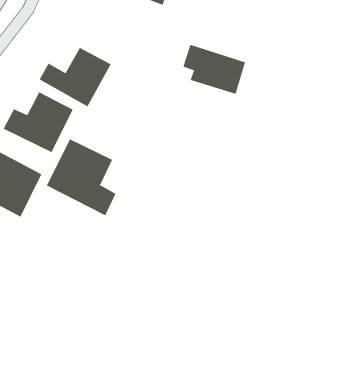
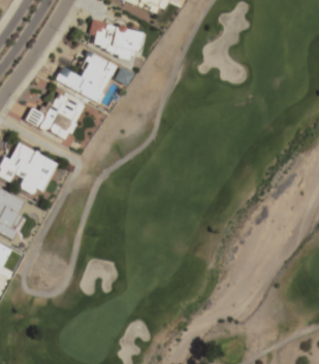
building: [182,44,246,95] -> [88,18,142,61]
building: [46,139,116,216] -> none

